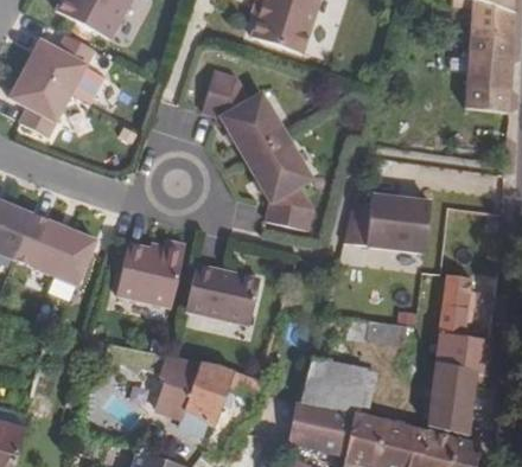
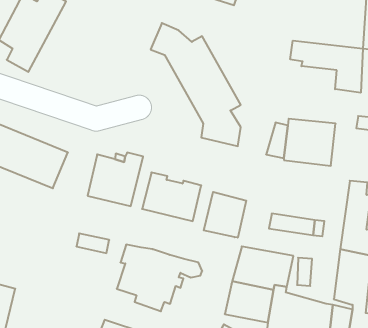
building: none -> [290,41,363,93]
building: none -> [204,192,246,238]

